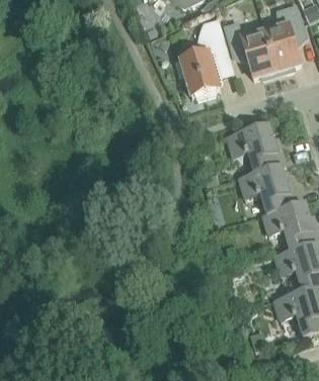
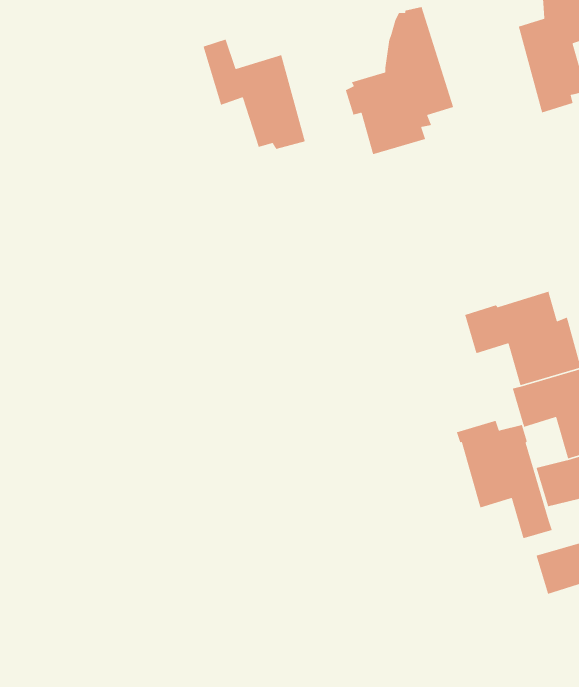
building: [224,21,276,78] -> [202,38,306,150]
building: [226,122,285,172] -> none
building: none -> [456,420,553,539]

